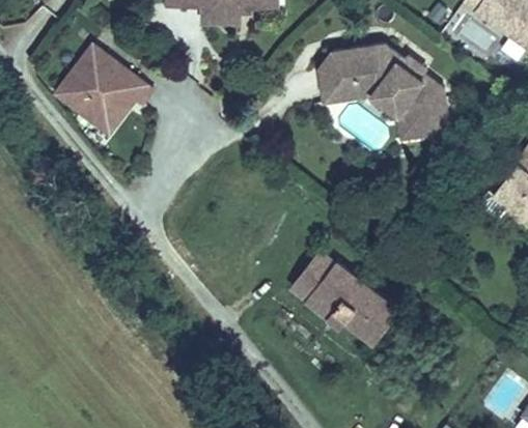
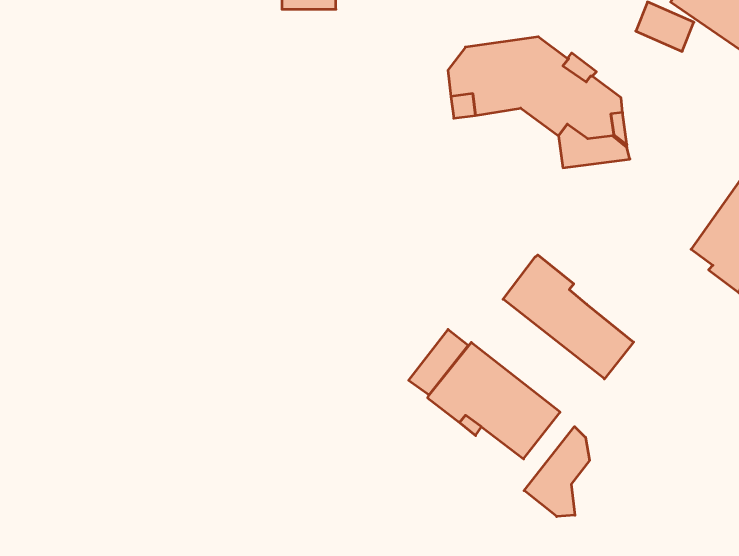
building: [50,39,150,137] -> none
building: none -> [503,255,634,379]
building: none -> [524,427,590,517]

